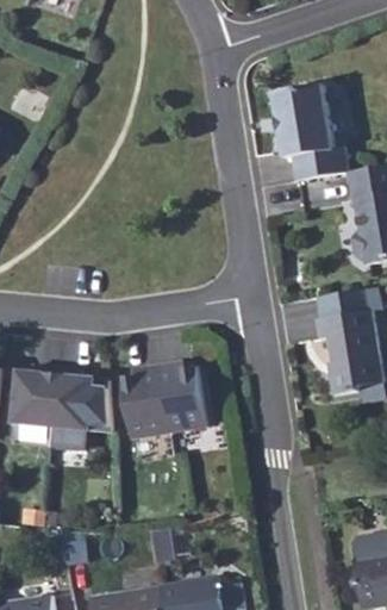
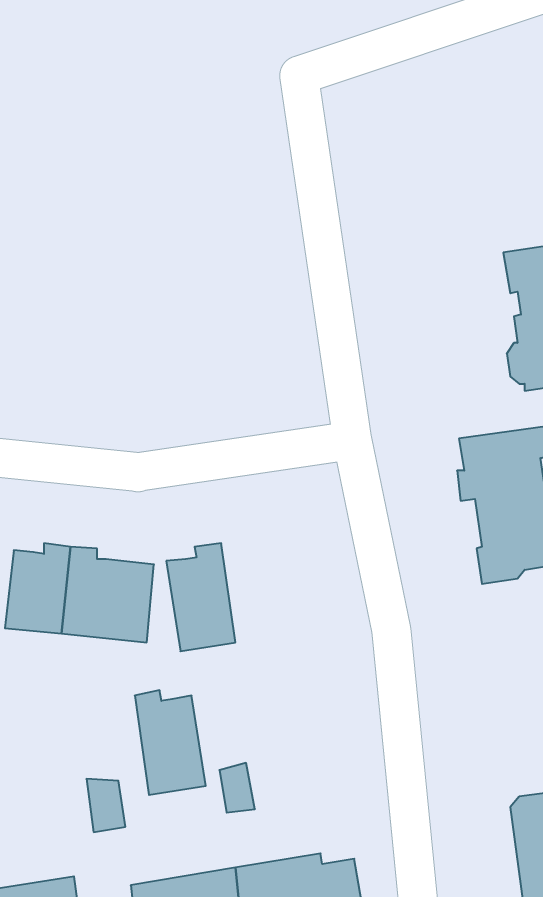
building: [273,83,347,179] -> none
building: [157,362,205,432] -> [135,690,206,795]

